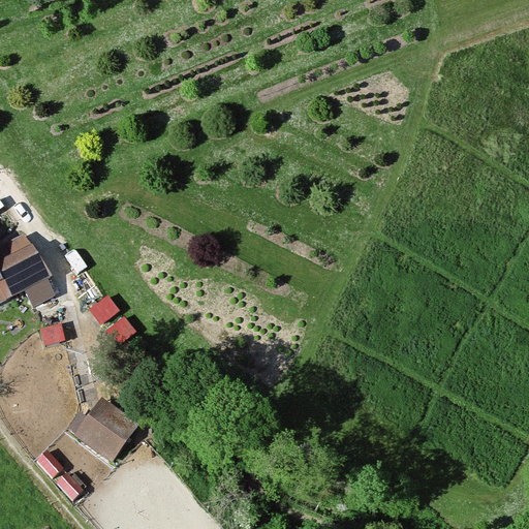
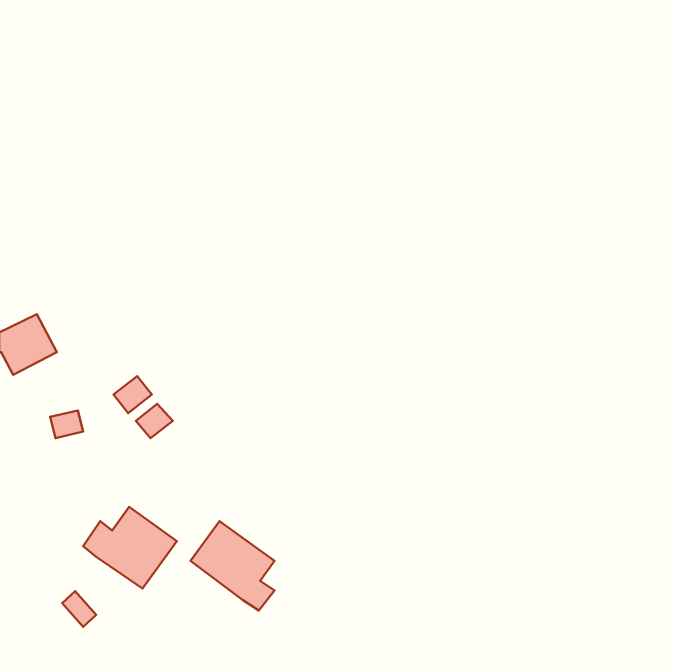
building: none -> [191,521,274,611]

